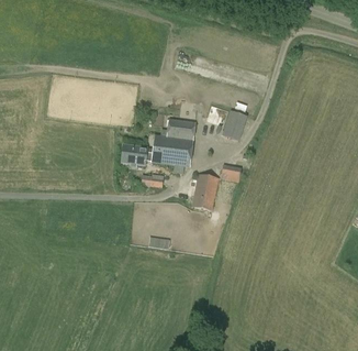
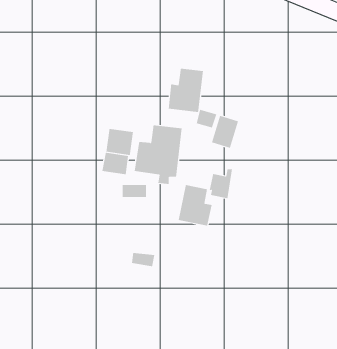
building: none -> [168,68,204,113]
building: none -> [106,128,133,156]

